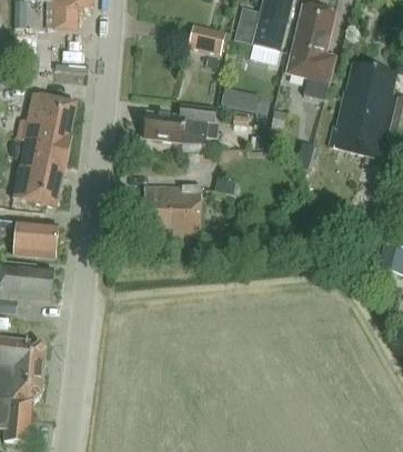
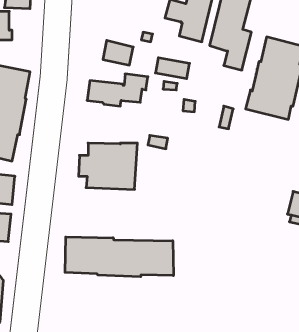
building: [189,26,224,54] -> [103,40,133,65]
building: none -> [65,237,173,277]

